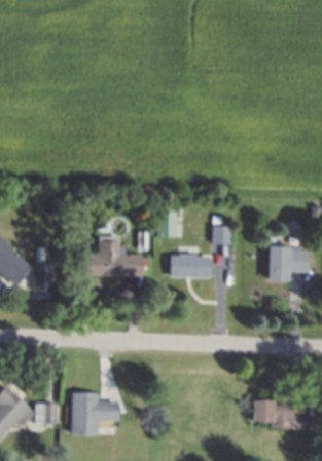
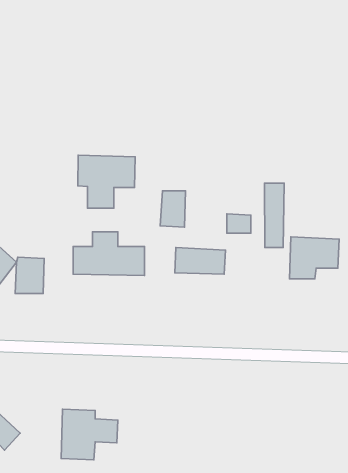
building: none -> [78,155,135,208]
building: none -> [265,183,284,247]
building: [253,397,309,428] -> none
building: [39,404,59,424] -> none

